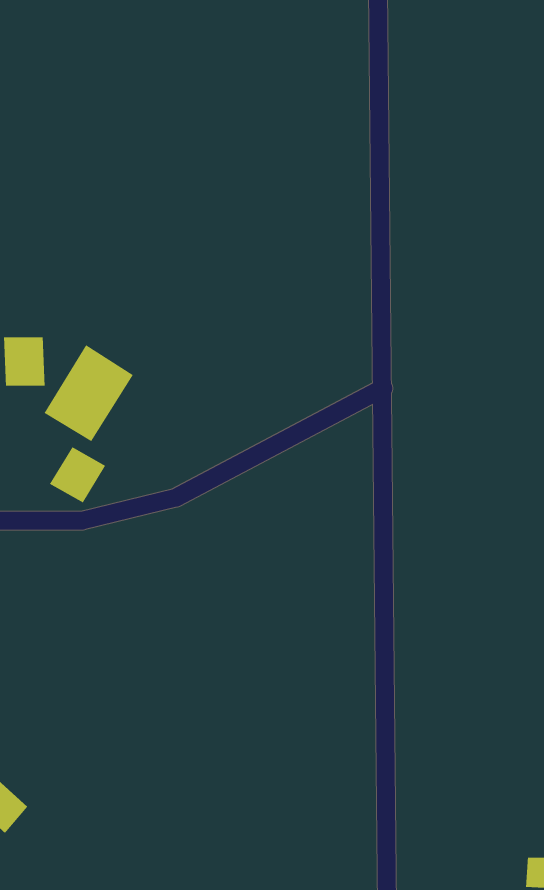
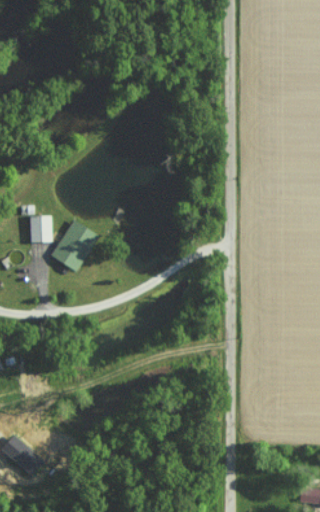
building: [49,446,106,503] -> none

